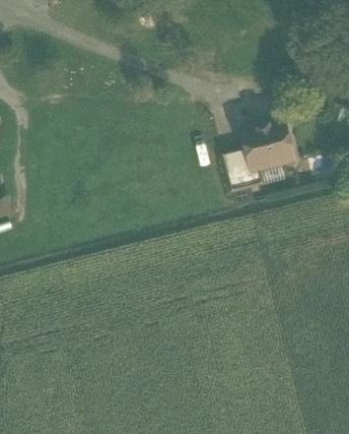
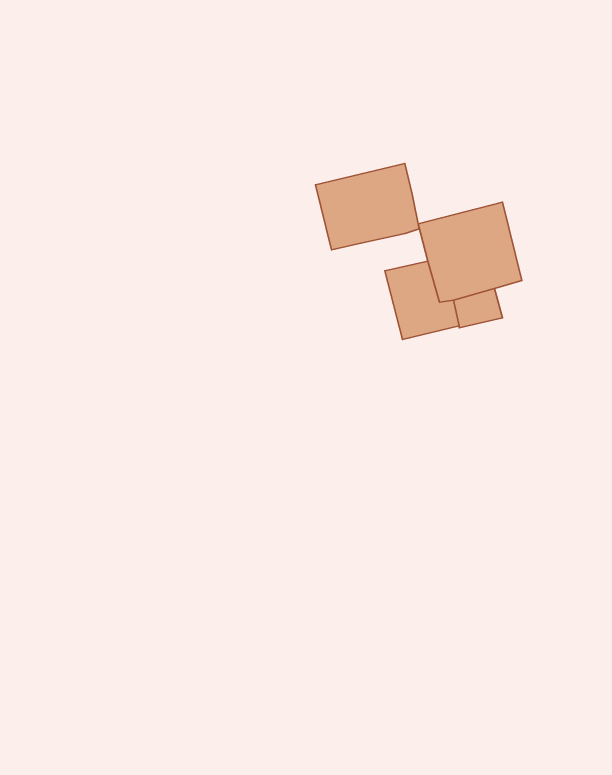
building: none -> [315,163,419,250]

